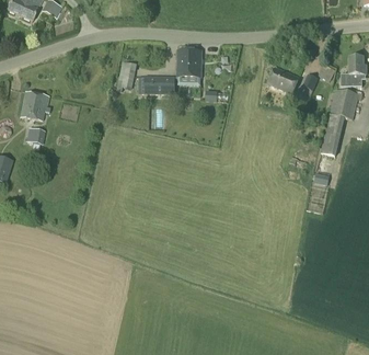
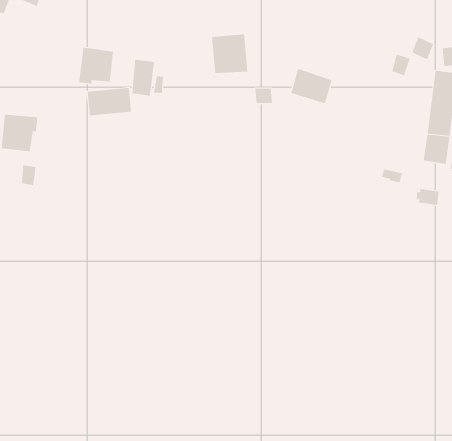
building: none -> [78,47,114,84]
building: [268,66,299,93] -> [290,68,332,104]
building: [145,76,175,93] -> [87,88,132,116]

